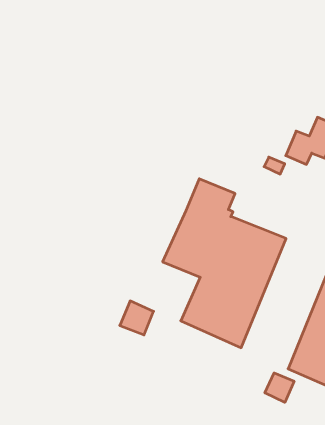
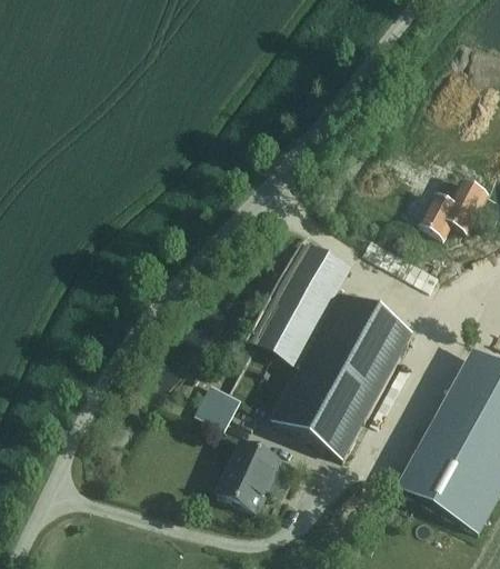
building: none -> [219,439,294,507]
building: [265,373,294,402] -> none

